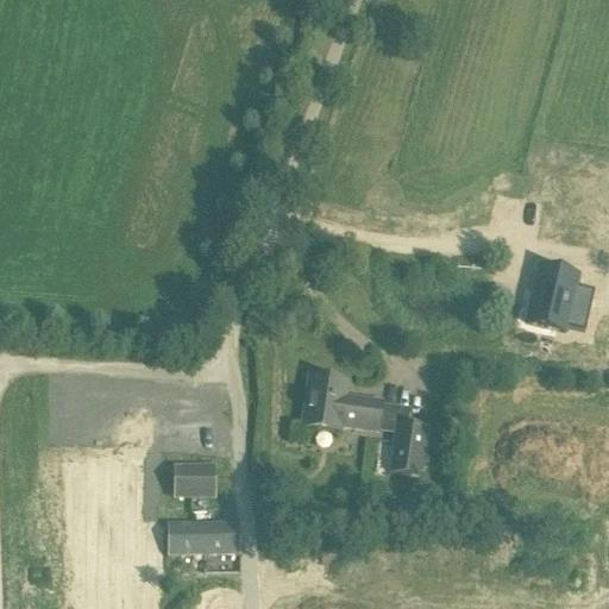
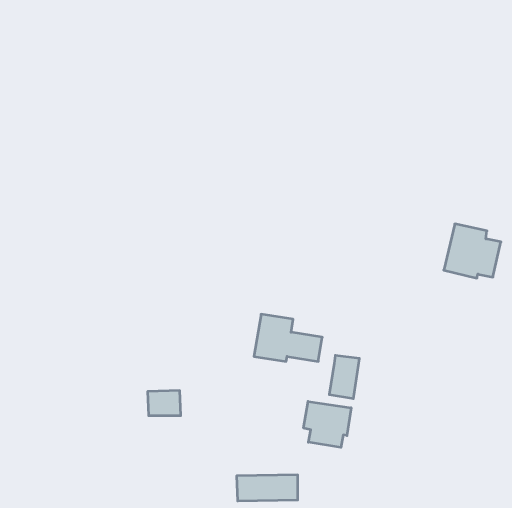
building: none -> [304,401,351,447]
building: [168,521,240,552] -> [237,475,298,501]

